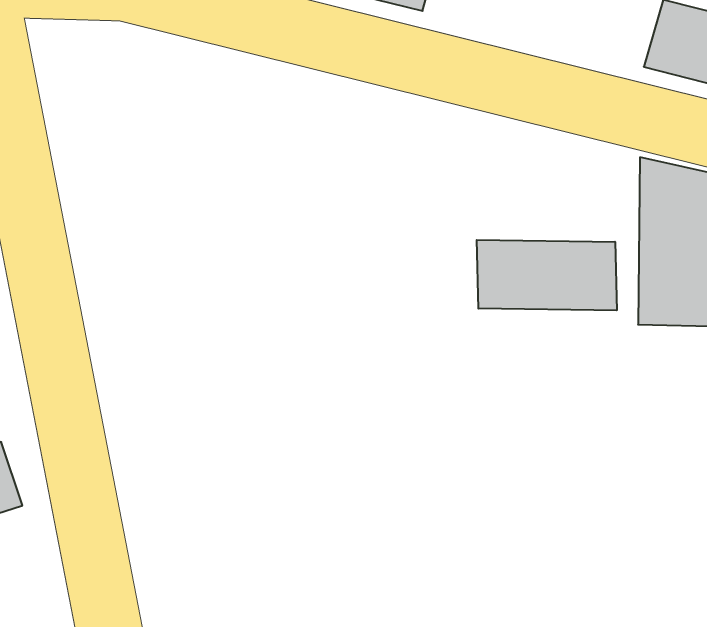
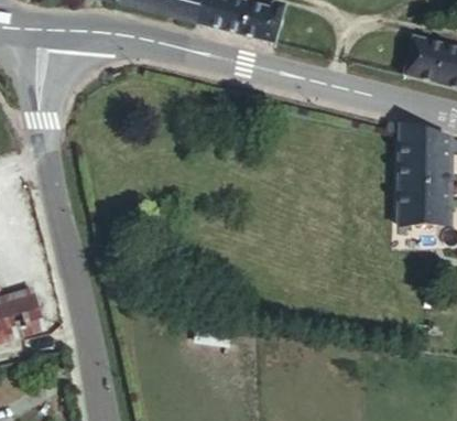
building: [477,240,617,310] -> none

